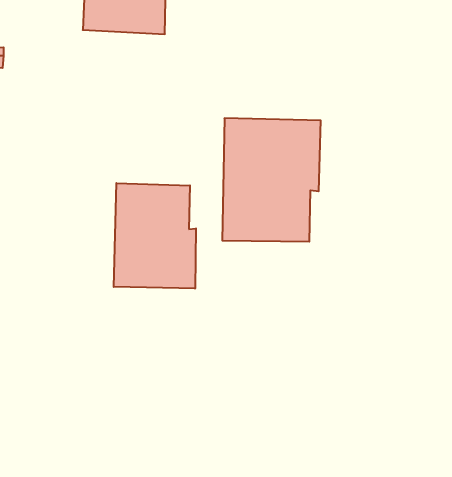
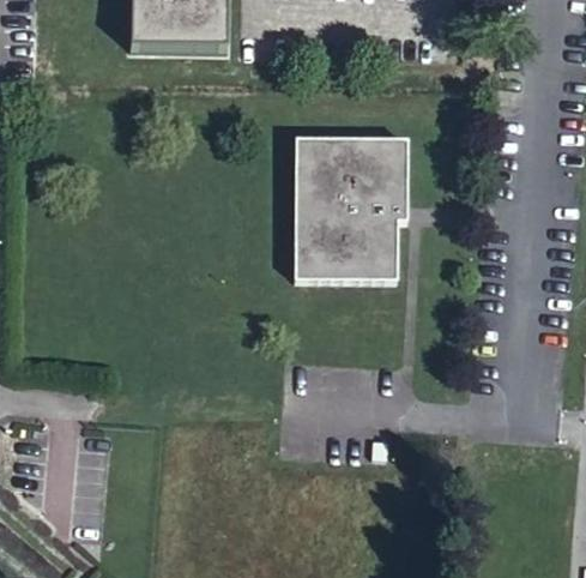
building: [114,183,196,289] -> none

